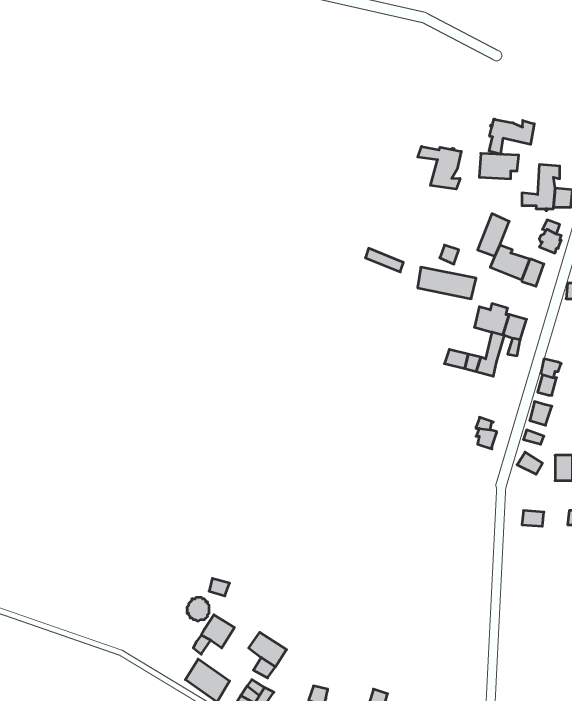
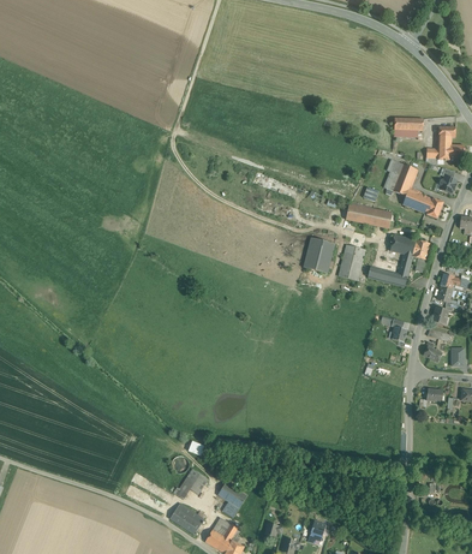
building: [489,119,534,154] -> none
building: [418,146,461,189] -> none
building: none -> [304,238,335,273]
building: none -> [339,245,365,281]

